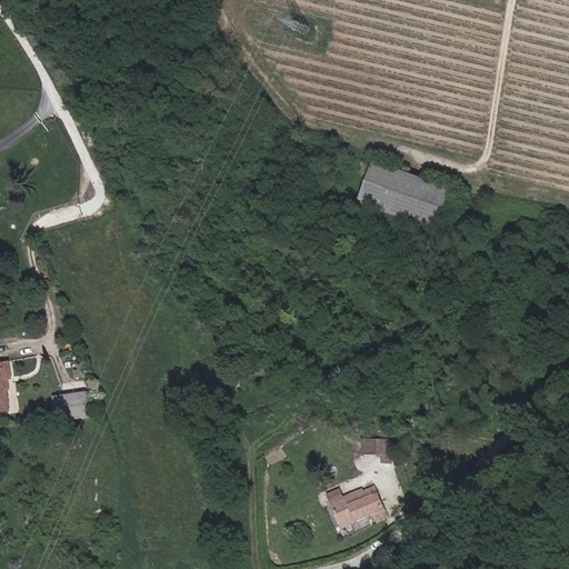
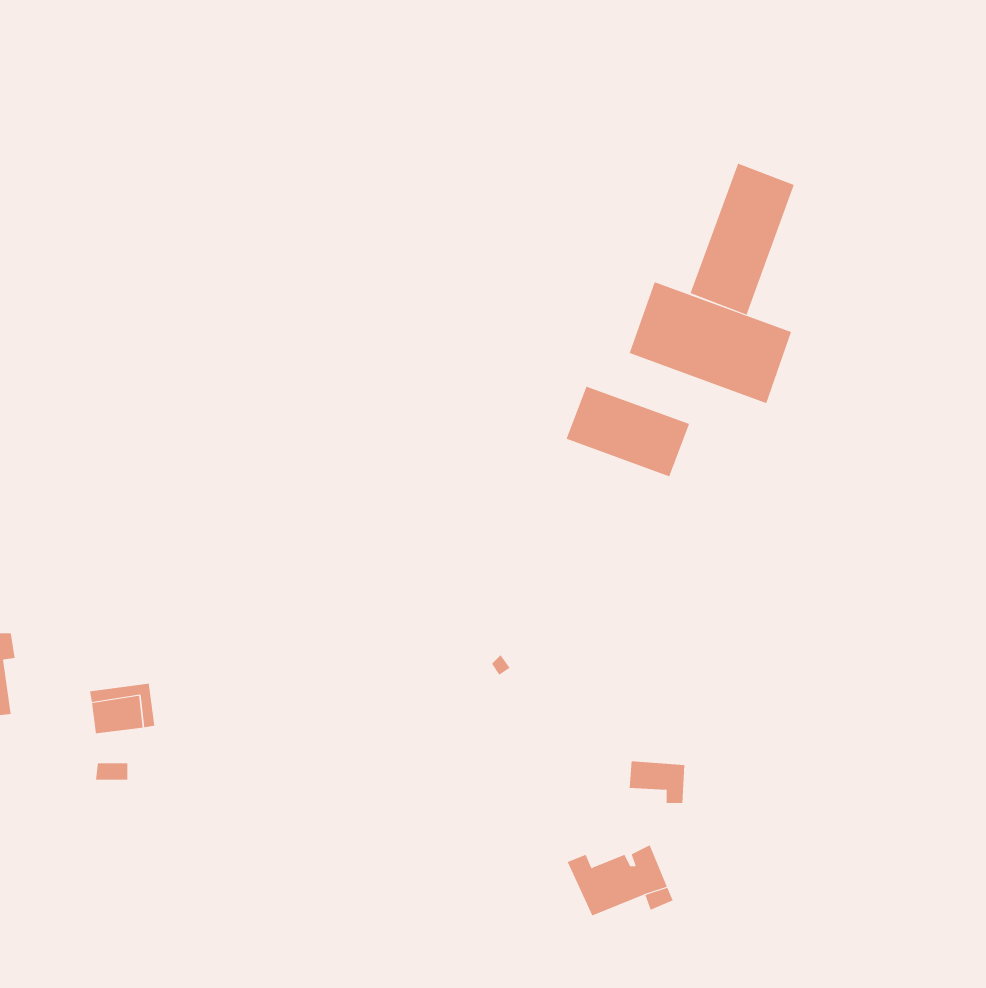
building: none -> [690,163,795,315]
building: none -> [566,386,690,477]

